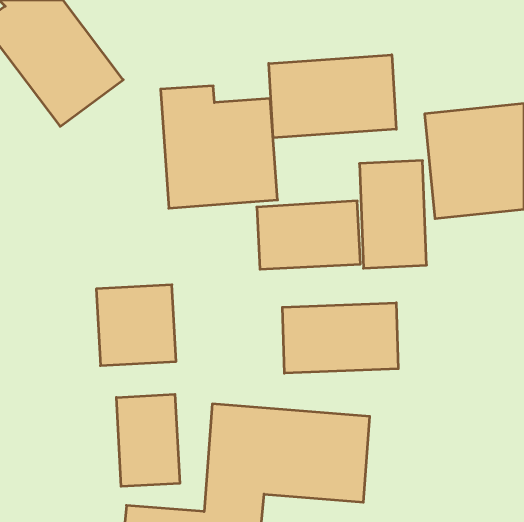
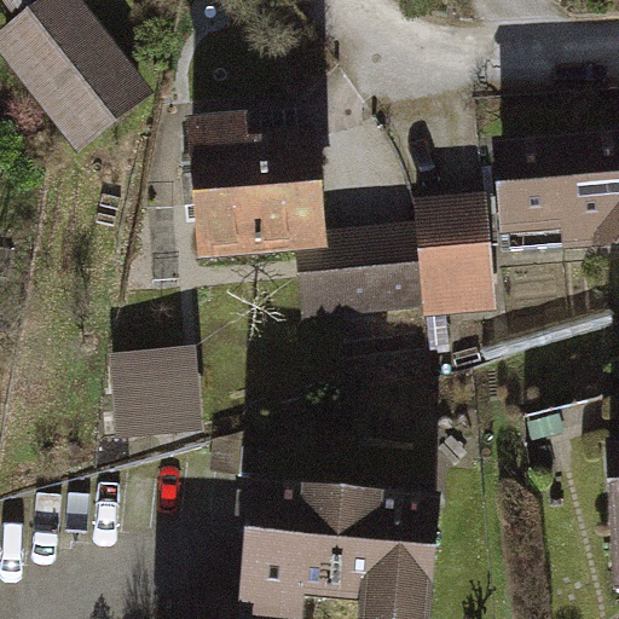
building: [269,55,396,138] -> none
building: [282,303,398,373] -> none
building: [116,394,180,486] -> none

